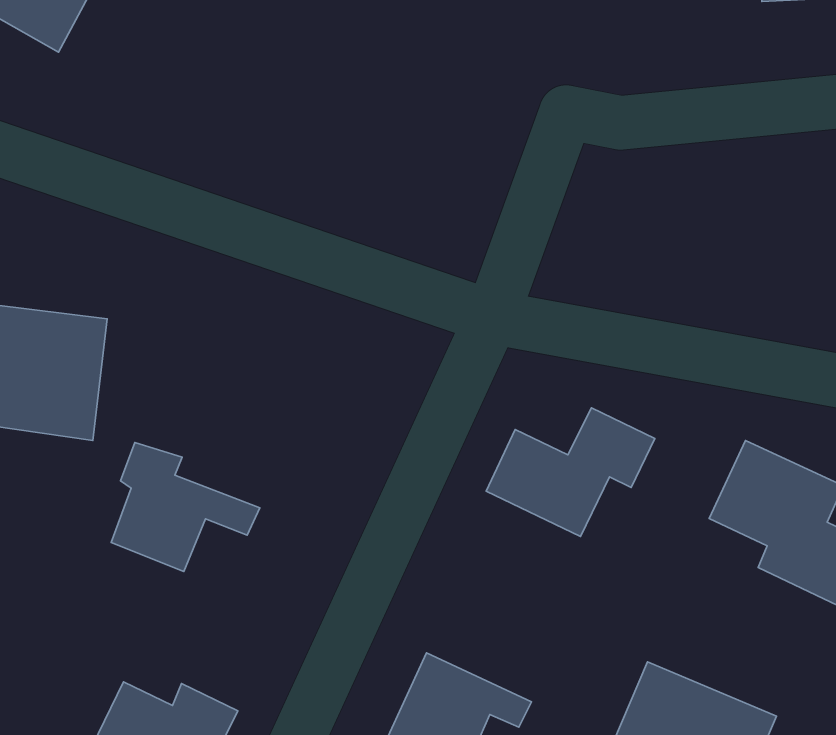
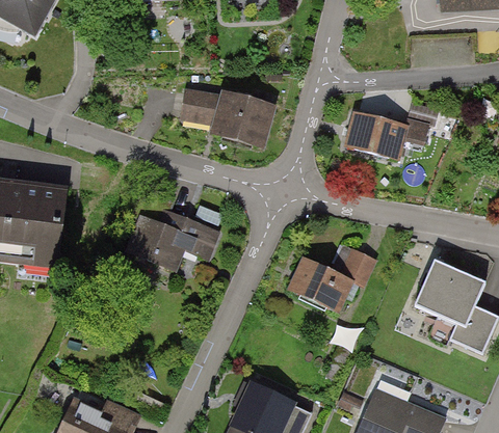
building: none -> [182,87,279,150]
building: none -> [344,101,436,160]
building: [111,443,260,571] -> [133,193,218,267]

